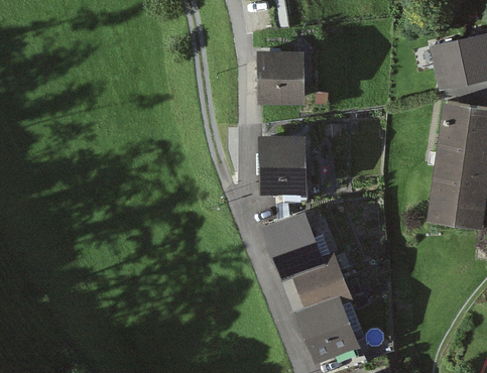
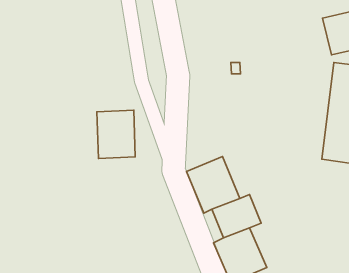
building: [256,51,302,106] -> none
building: [258,137,306,197] -> [97,110,135,159]

